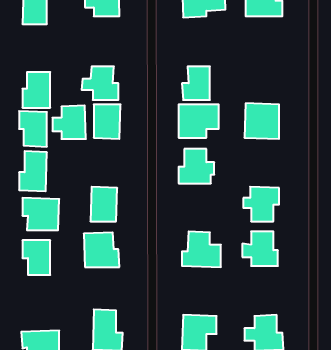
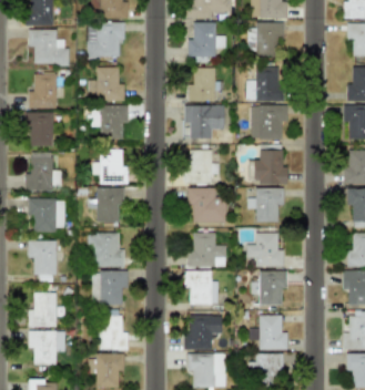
building: none -> [87,22,125,58]
building: none -> [187,22,226,57]
building: none -> [247,23,284,61]
building: none -> [29,29,69,65]
building: none -> [255,68,280,100]
building: [52,105,86,139] -> [92,150,125,183]
building: none -> [253,148,286,184]
building: none -> [187,188,226,223]
building: none -> [100,270,129,305]
building: none -> [184,270,219,304]
building: none -> [252,270,286,305]
building: none -> [29,292,57,327]

